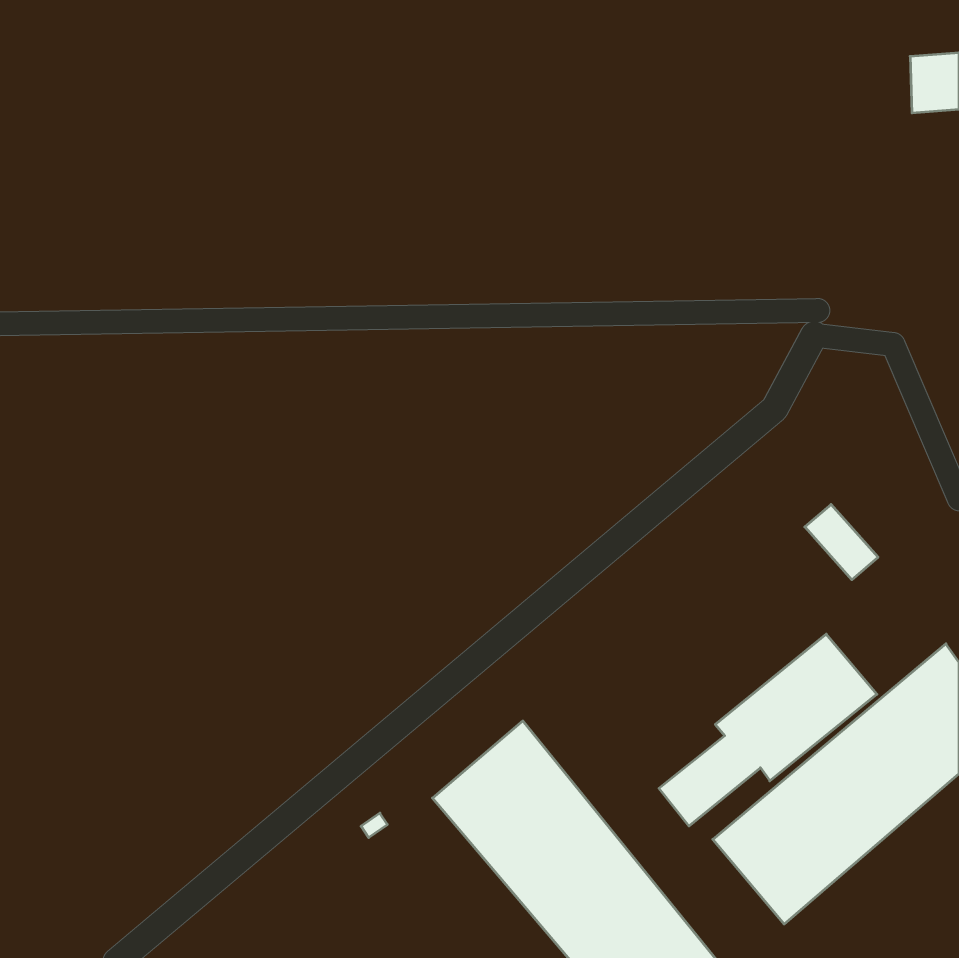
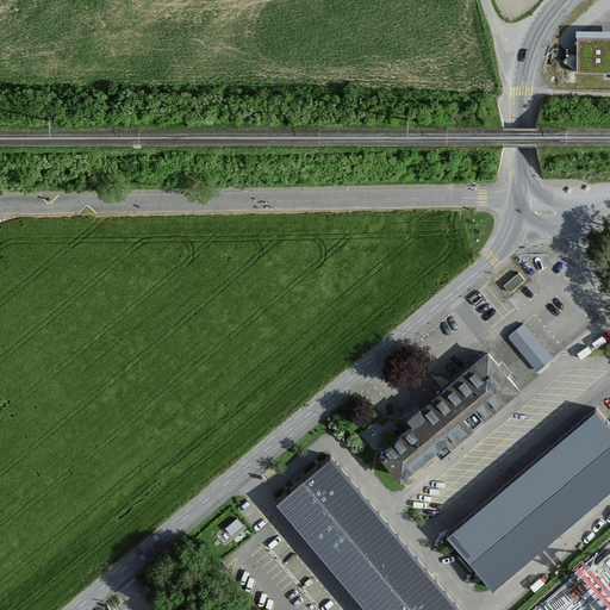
building: [659,634,877,826] -> [380,356,518,478]

